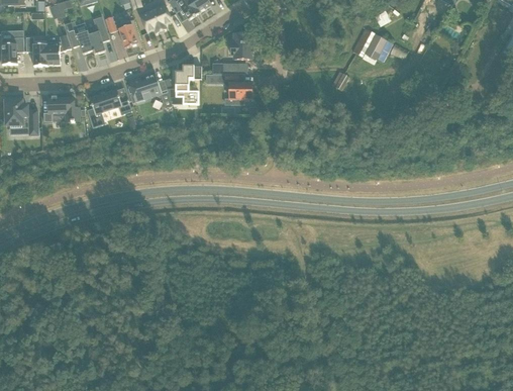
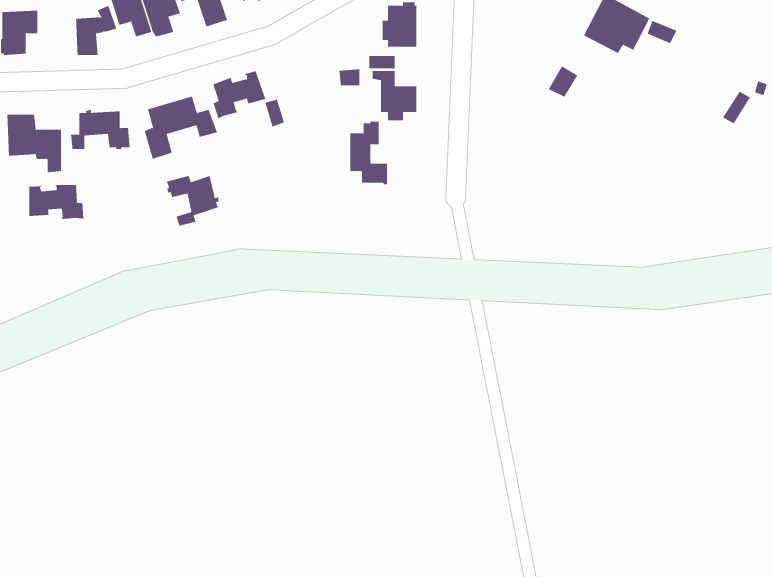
building: [25,37,46,66] -> none
building: [175,66,198,104] -> [349,121,388,185]
building: none -> [166,175,219,227]
building: none -> [29,184,84,220]

